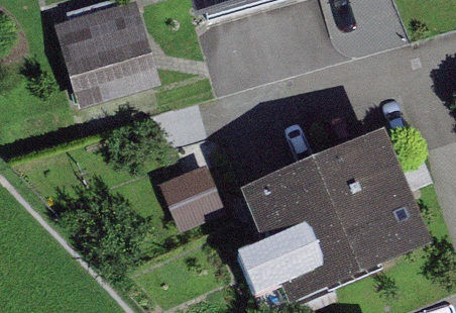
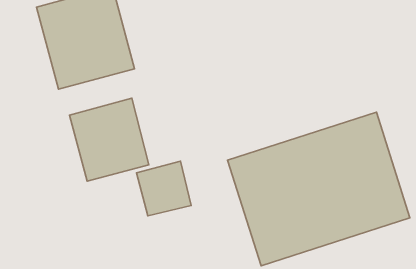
building: none -> [69,98,149,181]

